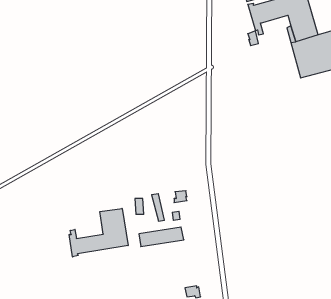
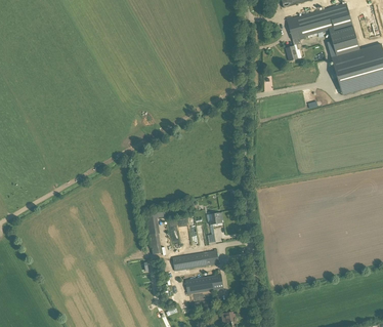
building: [69,208,128,257] -> none
building: none -> [184,275,223,294]

